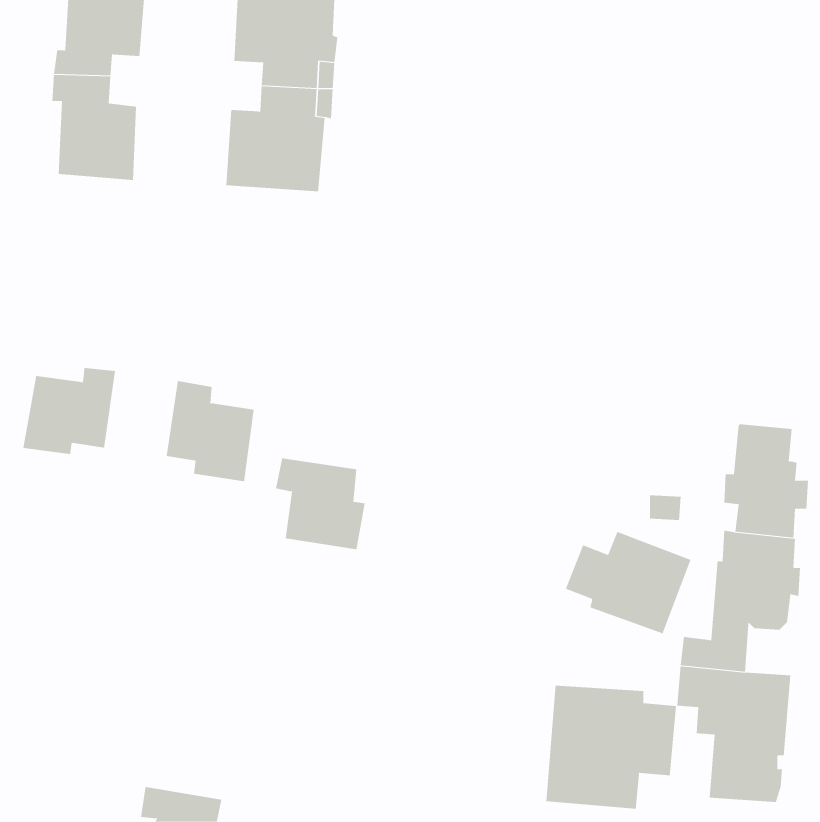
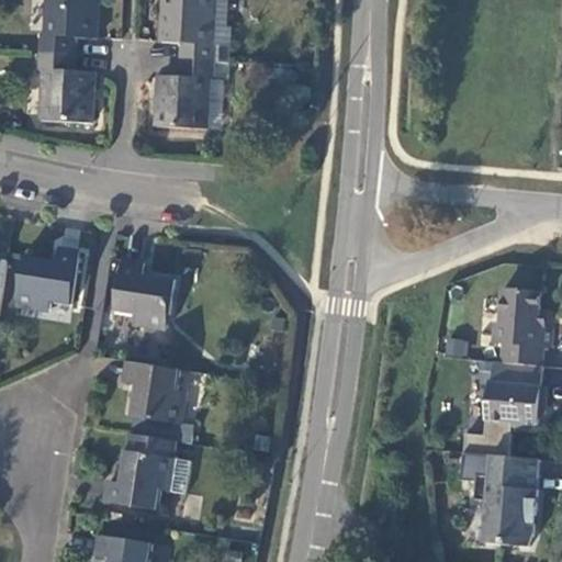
building: [275,458,365,550] -> [123,361,184,424]
building: [565,531,691,634] -> none
building: none -> [103,435,175,509]
building: [546,685,677,810] -> none

